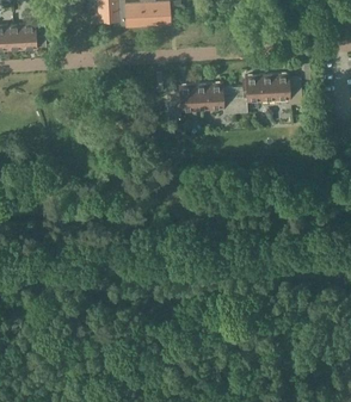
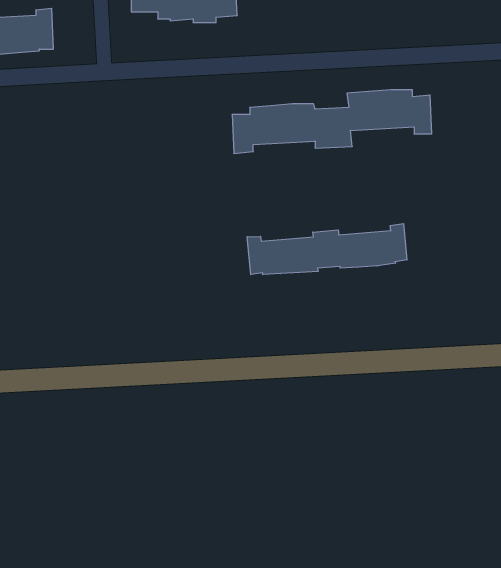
building: none -> [247,224,407,275]

